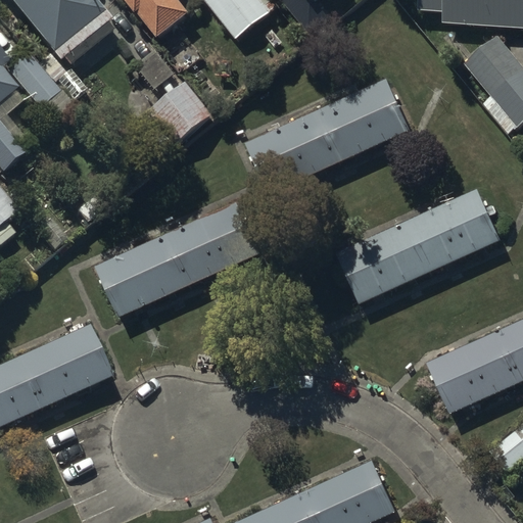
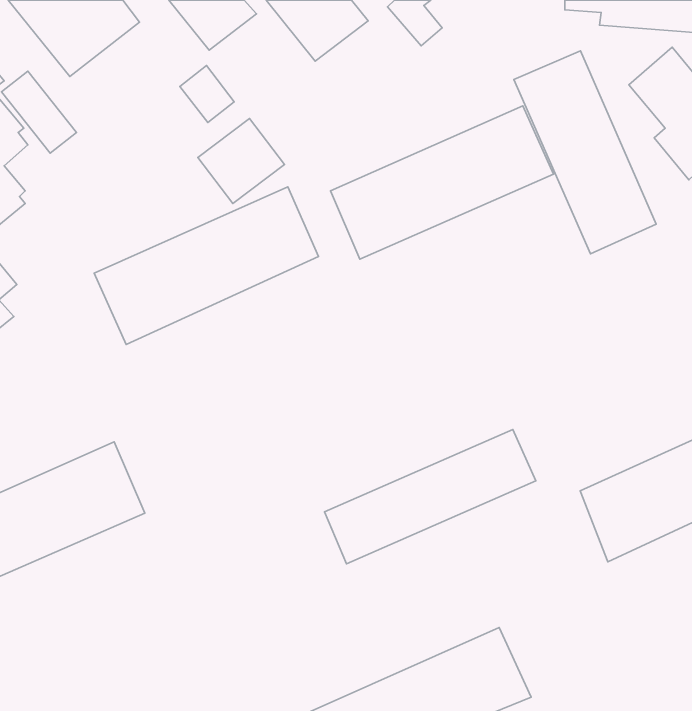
building: none -> [514,51,656,254]
building: [337,189,500,301] -> none
building: [96,201,260,317] -> [94,187,319,344]
building: none -> [324,430,536,564]

